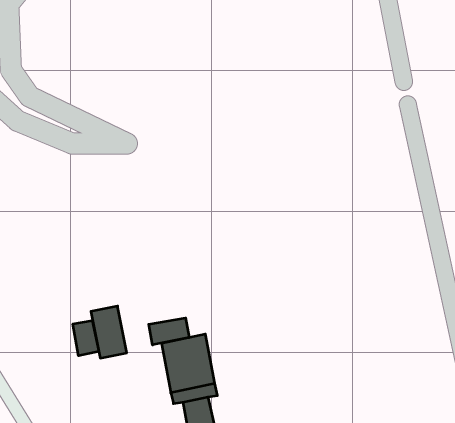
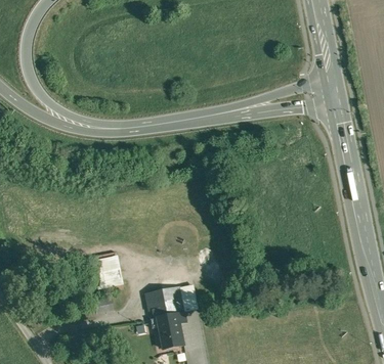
building: [149,318,189,345] -> none
building: [73,320,99,356] -> none

